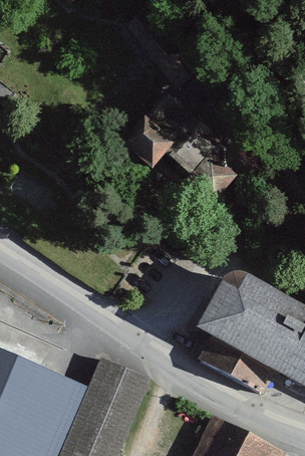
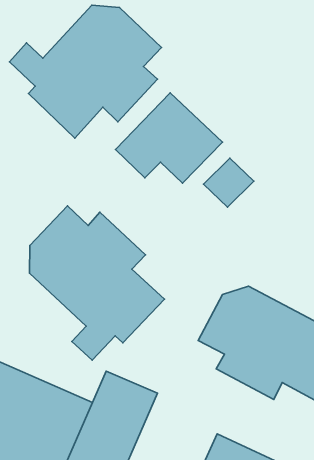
building: none -> [9,5,162,138]
building: none -> [29,206,165,360]

